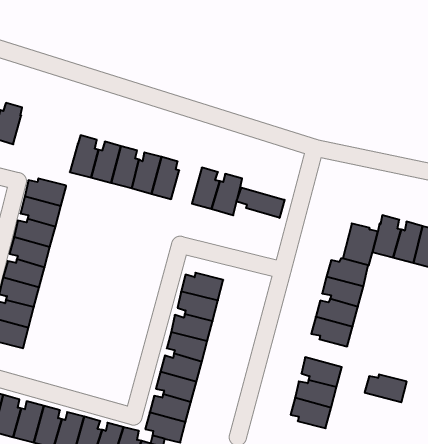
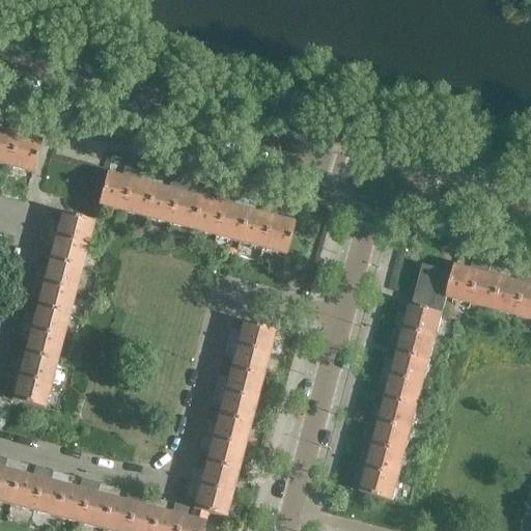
building: none -> [215,195,250,242]
building: [237,188,285,218] -> none
building: [365,374,407,402] -> [369,398,418,430]

